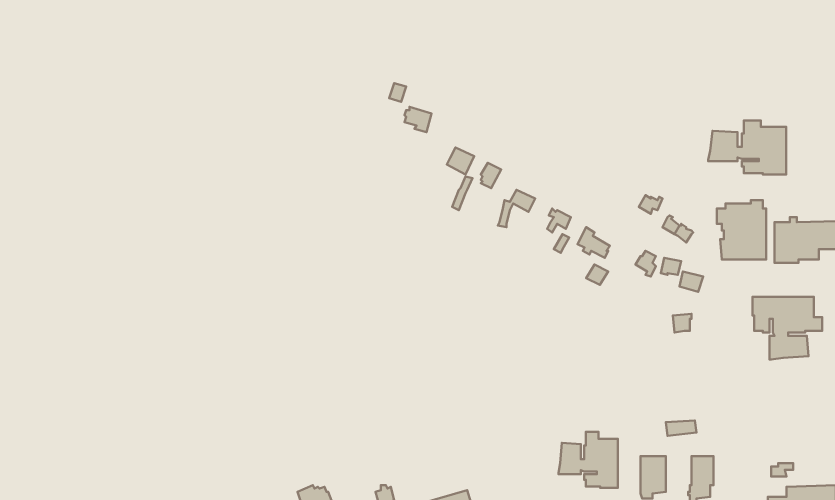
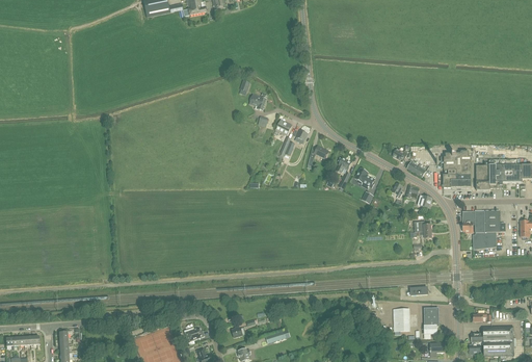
building: [708,120,786,175] -> none
building: [559,432,618,488] -> none

